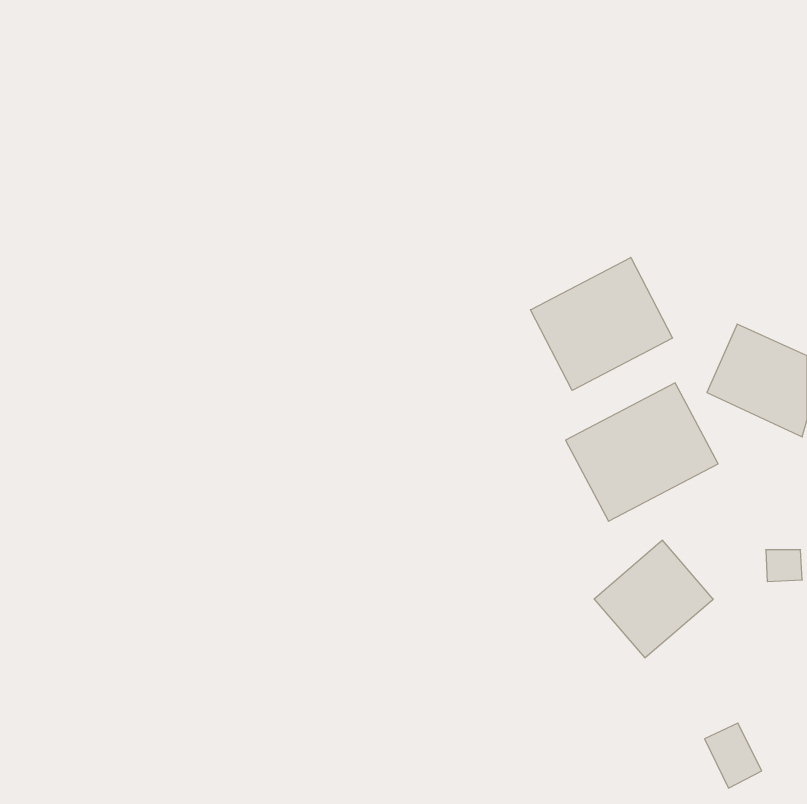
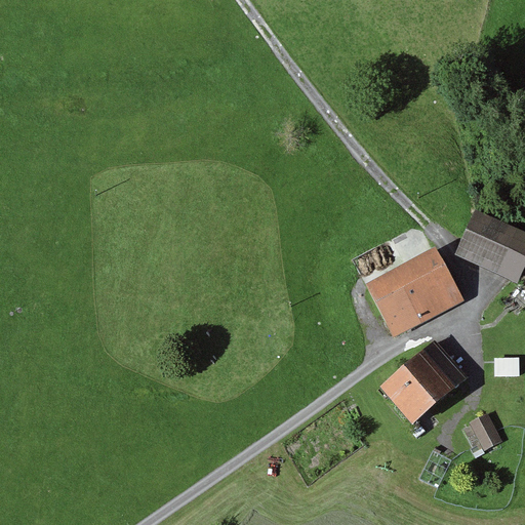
building: [530,257,673,390] -> none
building: [705,723,762,788] -> [466,409,502,451]

